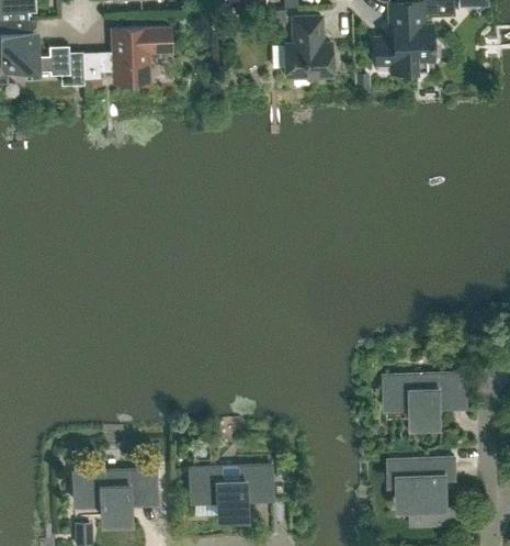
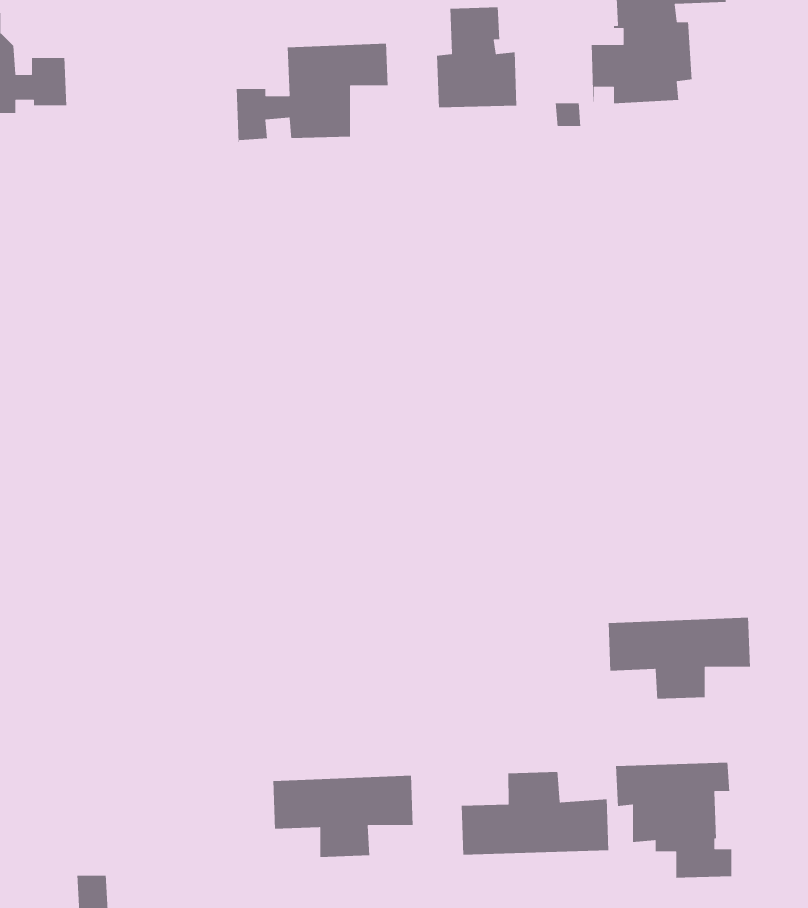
building: [81,27,170,86] -> [236,43,389,143]
building: none -> [461,771,609,856]
building: [72,470,155,519] -> none

